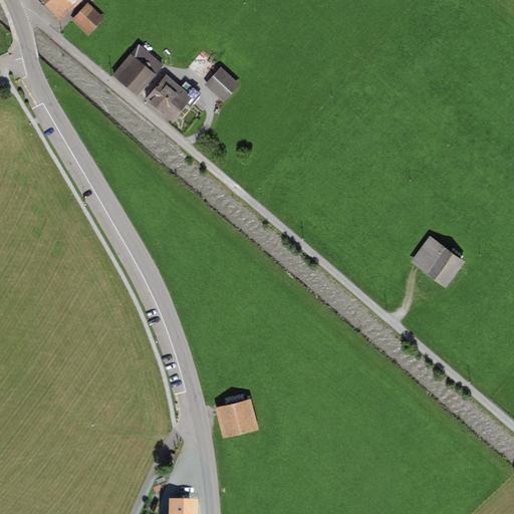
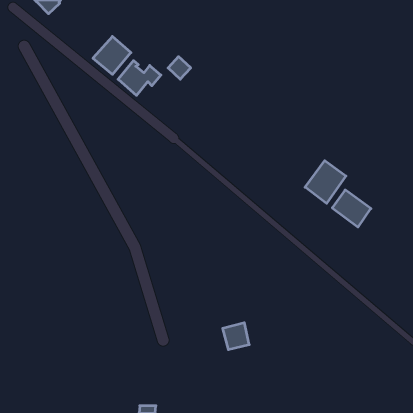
building: [74,5,101,35] -> none
building: none -> [305,161,346,203]
building: [220,400,253,433] -> [223,323,249,350]

